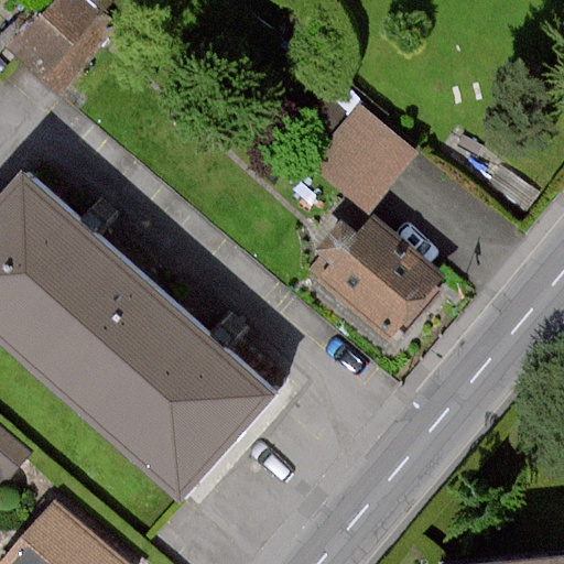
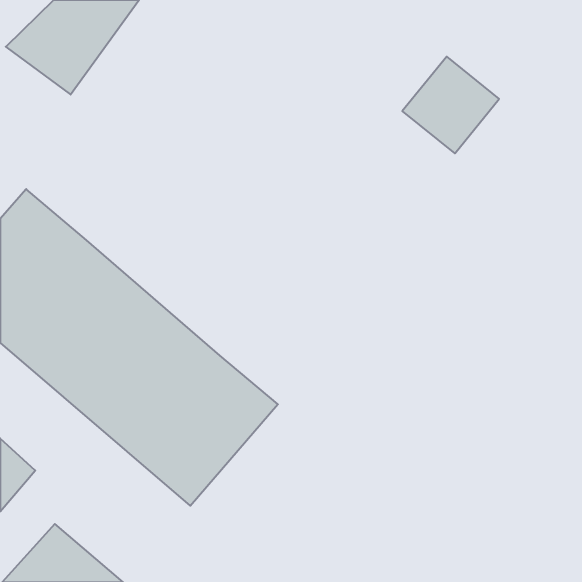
building: [316,110,410,204] -> [402,57,499,153]
building: [323,221,441,337] -> none

